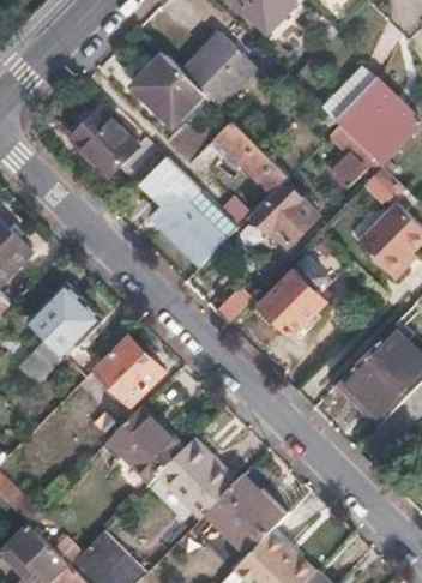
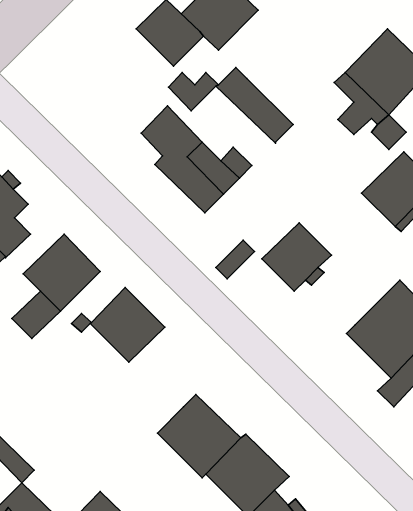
building: [319,65,379,126] -> none
building: [72,114,158,176] -> none
building: [255,186,318,245] -> none
building: [107,407,182,482] -> none

